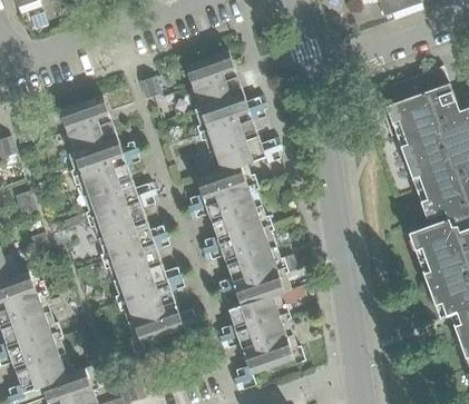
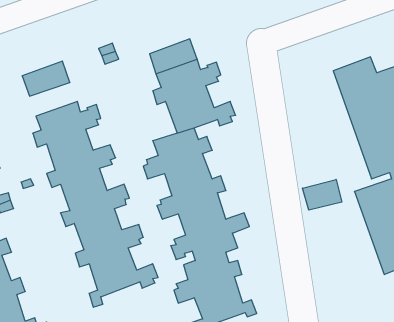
building: [185,51,235,88] -> none
building: [67,118,117,154] -> none
building: none -> [303,179,342,210]

